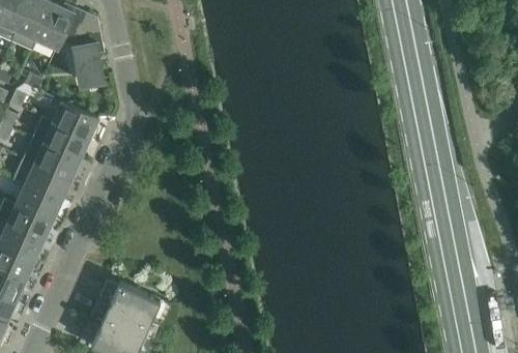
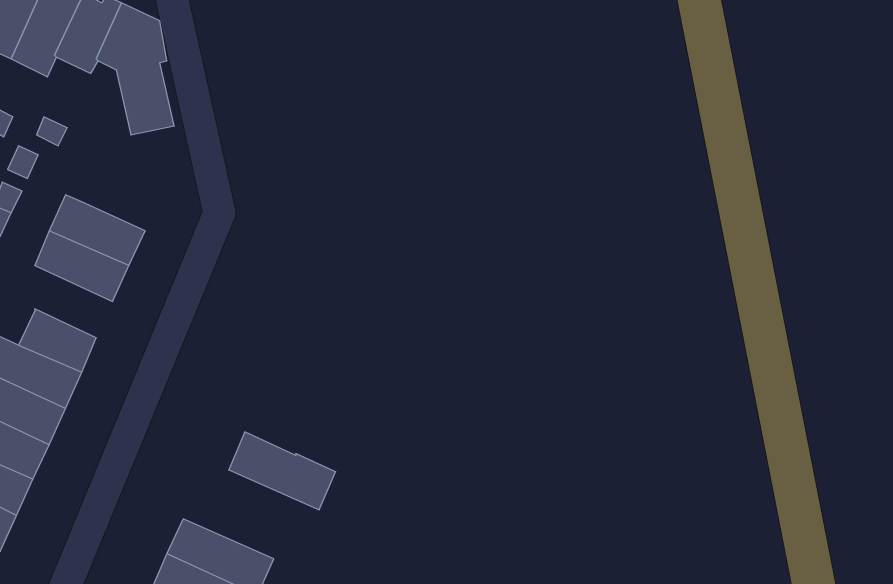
building: [51,102,96,140] -> none
building: [15,159,68,201] -> none
building: [109,283,170,327] -> [229,432,336,510]

